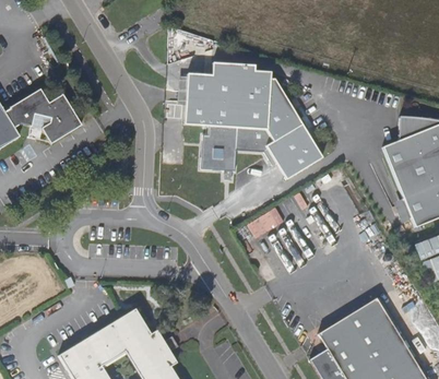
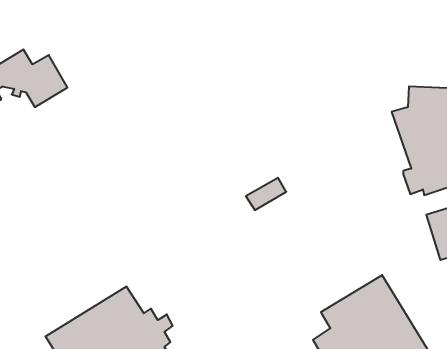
building: [185,61,324,179] -> none

